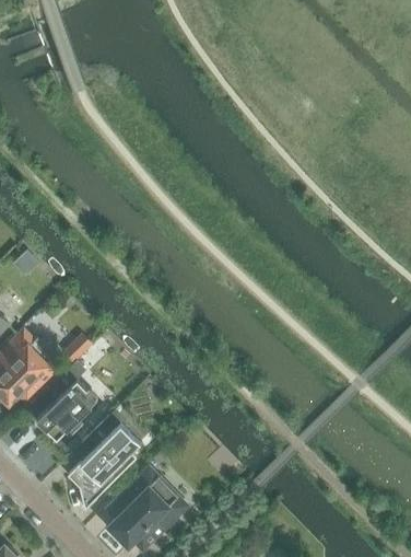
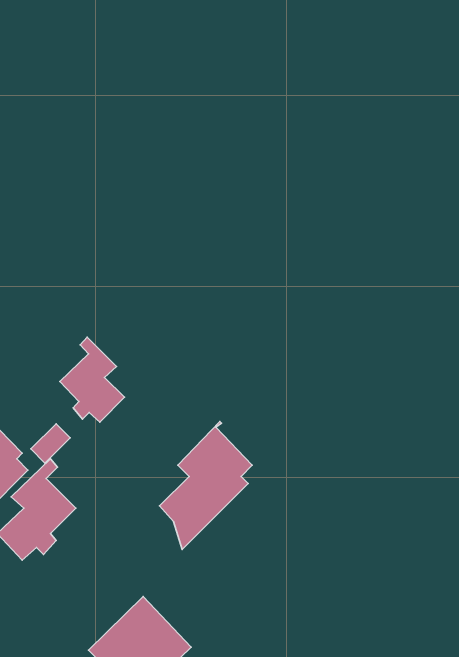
building: none -> [60,337,125,422]
building: [68,409,140,509] -> [160,422,252,550]

